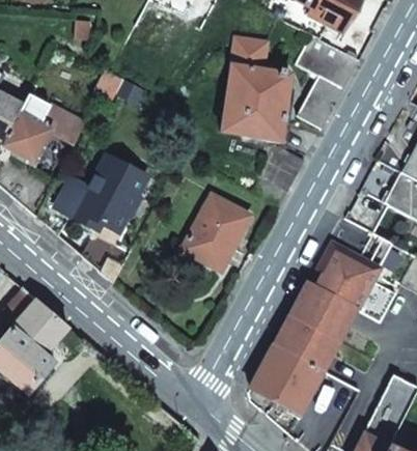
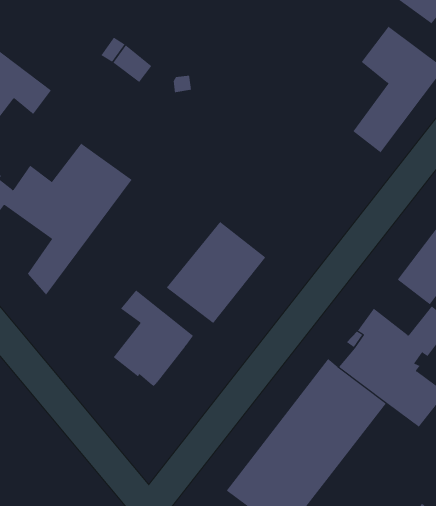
building: [222,38,306,207] -> none
building: none -> [113,289,194,387]

